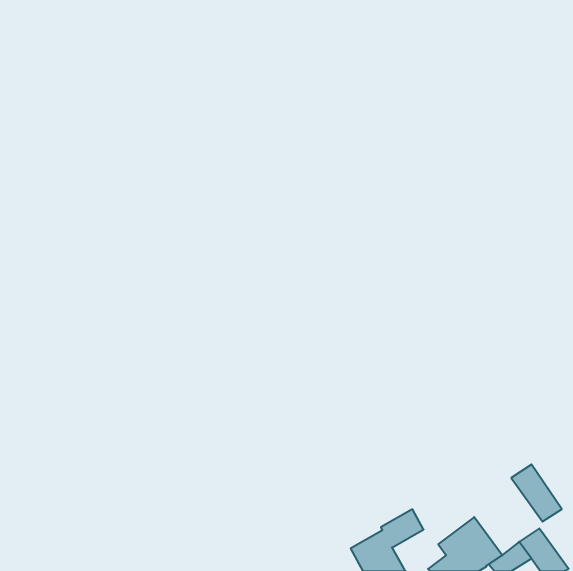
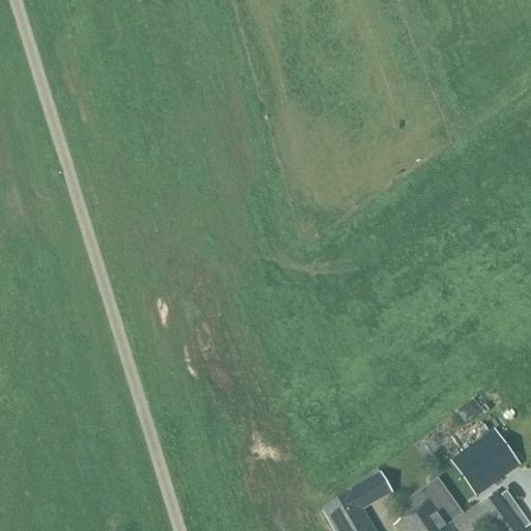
building: none -> [451,442,502,498]

